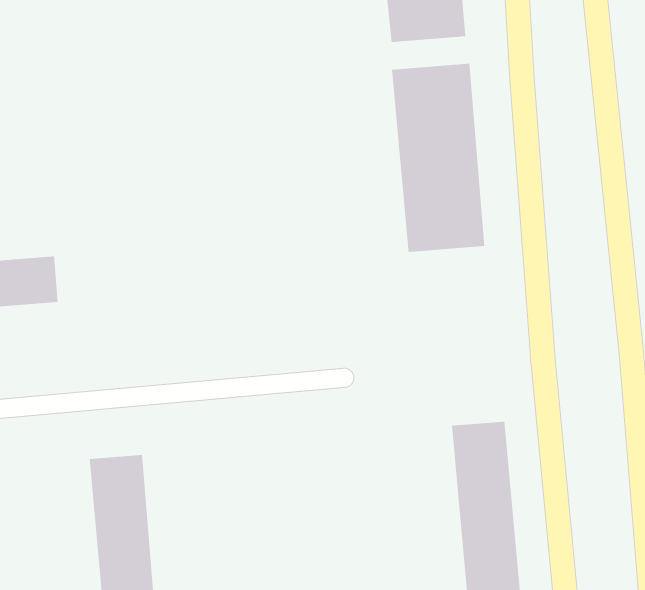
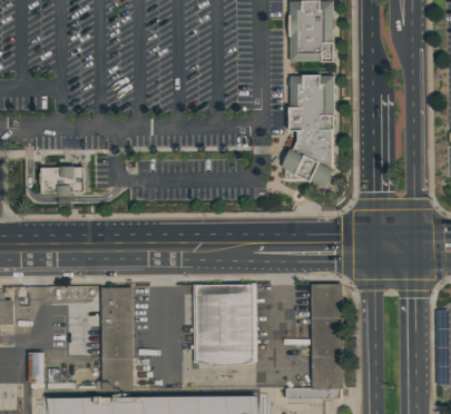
building: none -> [190,283,254,362]

